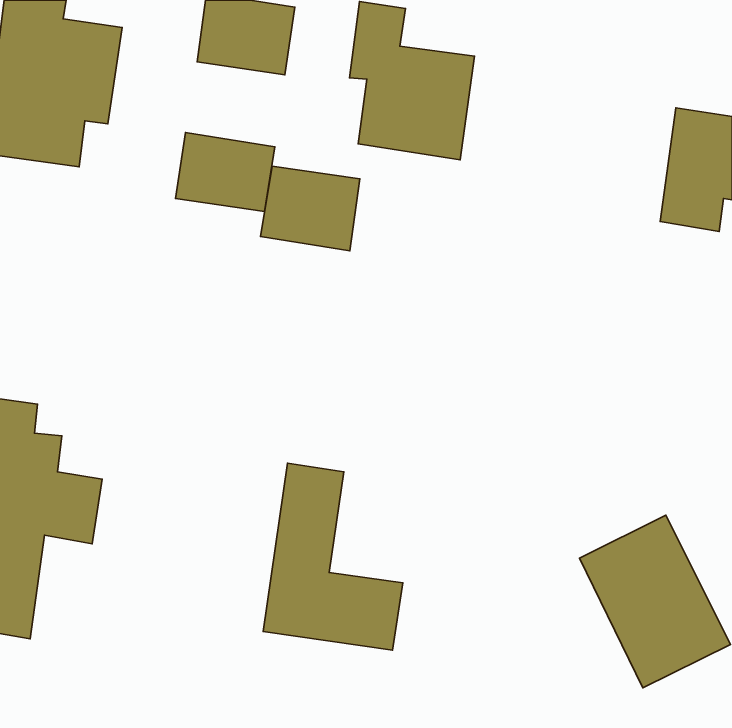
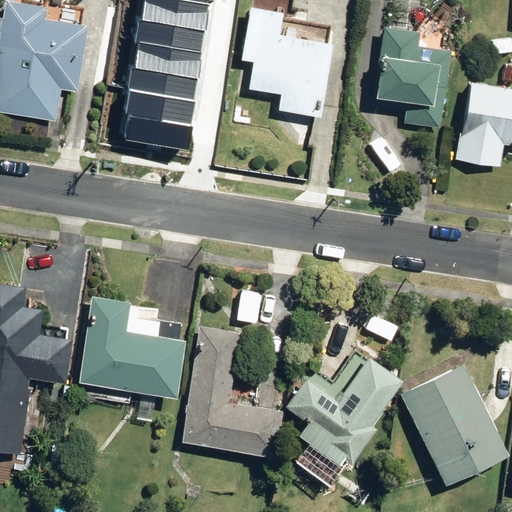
building: none -> [373,26,449,129]
building: [261,166,360,251] -> [129,48,198,107]
building: none -> [78,297,184,396]
building: none -> [287,355,402,463]

